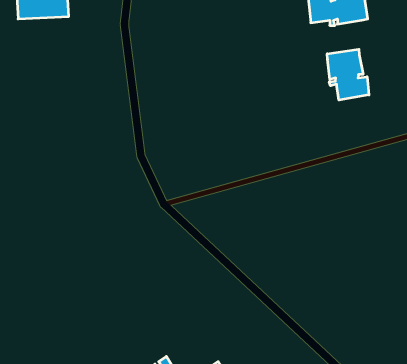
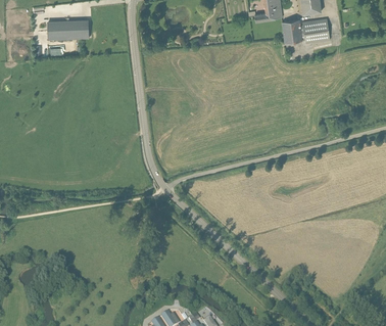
building: [327,49,369,100] -> none

